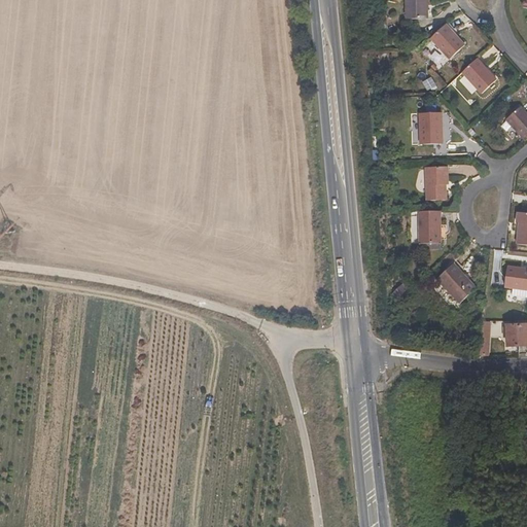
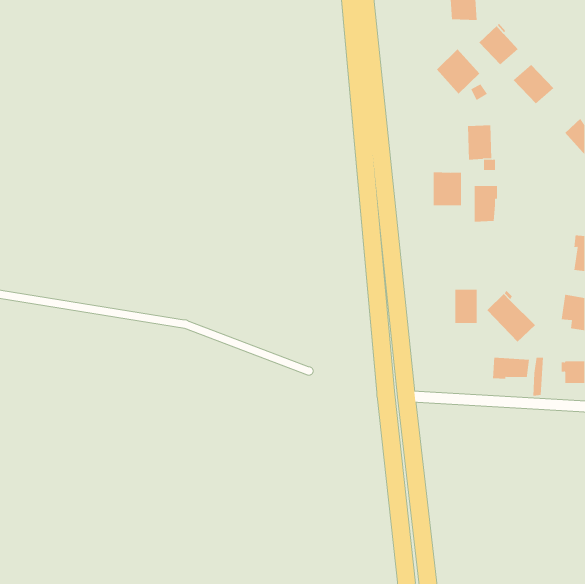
building: none -> [436,49,480,94]
building: none -> [433,171,462,206]
building: [420,211,441,242] -> [455,289,477,324]
building: none -> [492,357,529,380]

